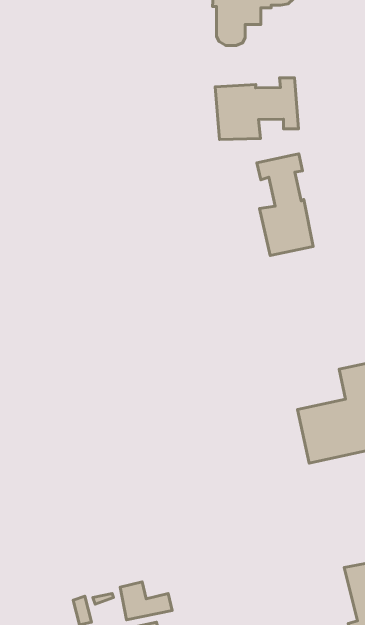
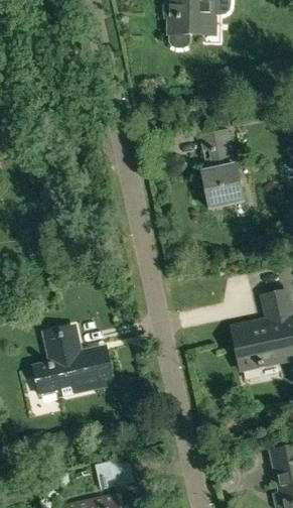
building: [215,78,299,139] -> none
building: none -> [35,326,113,393]

